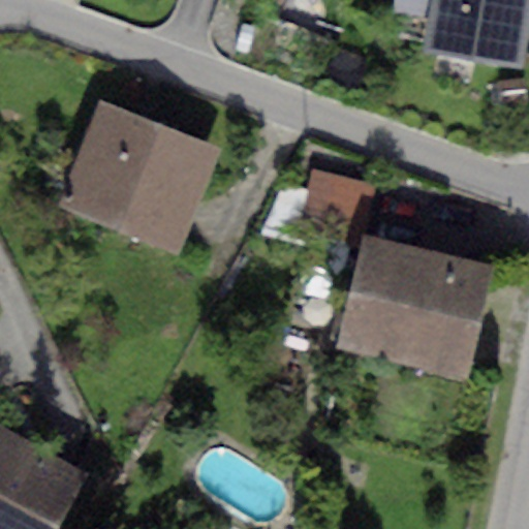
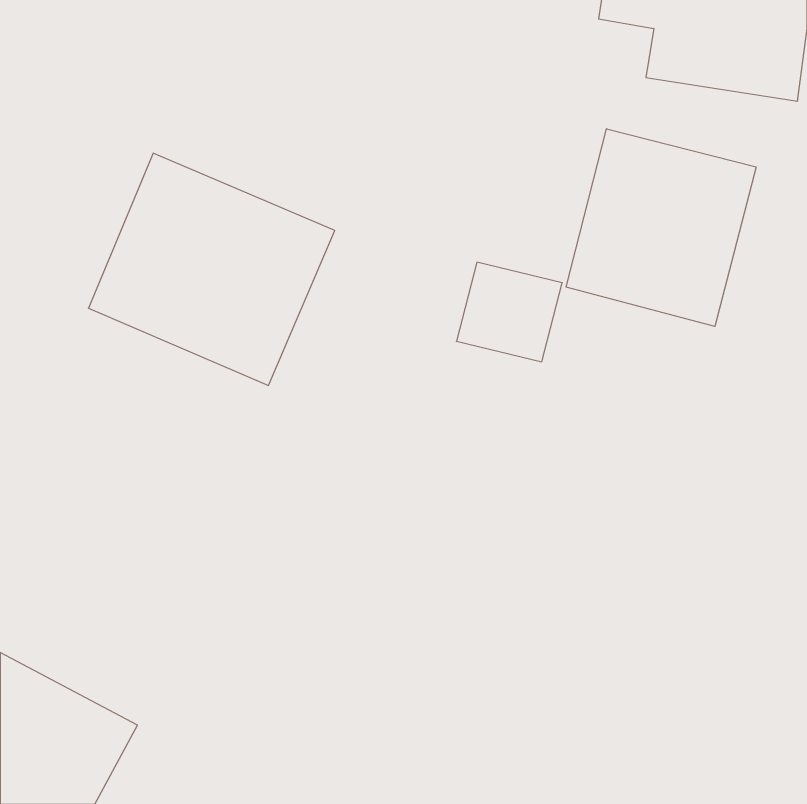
building: none -> [566,129,756,326]
building: [336,231,493,376] -> none

